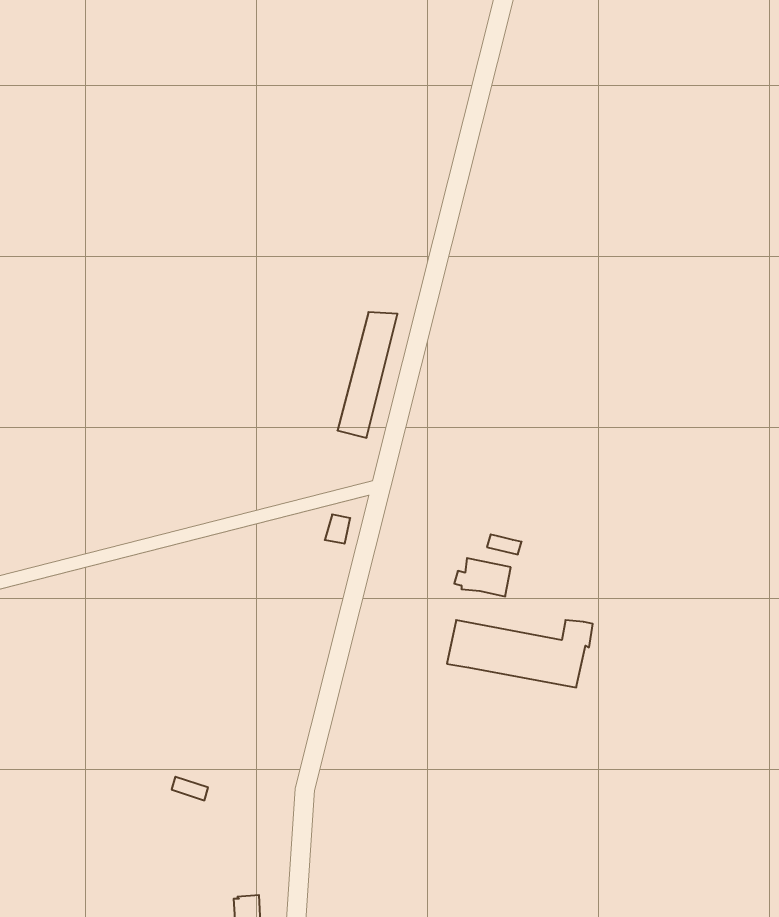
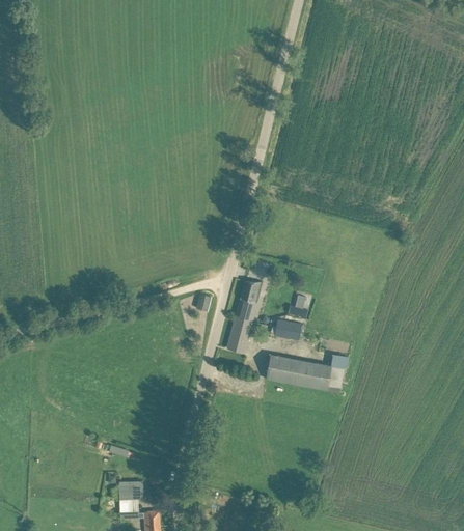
building: [337,312,398,438] -> [227,280,262,352]
building: none -> [119,480,144,499]

